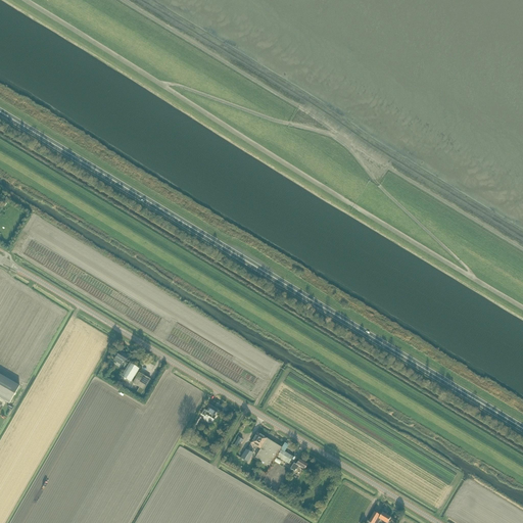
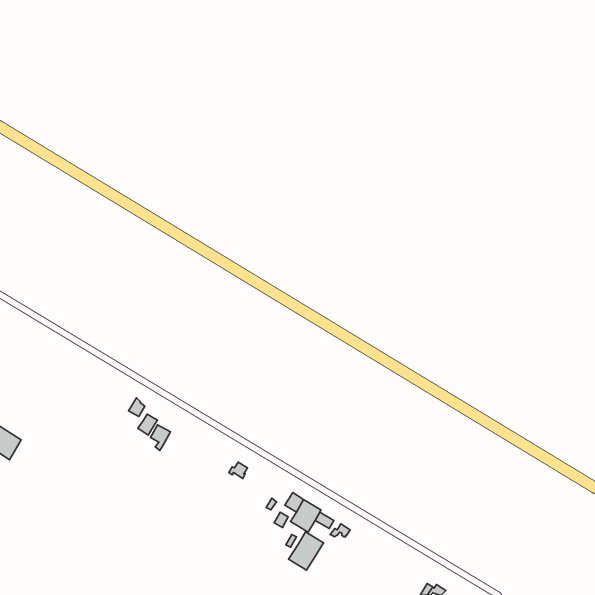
building: none -> [288,532,323,570]

